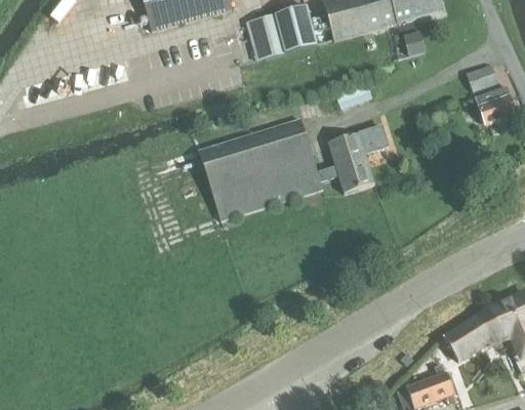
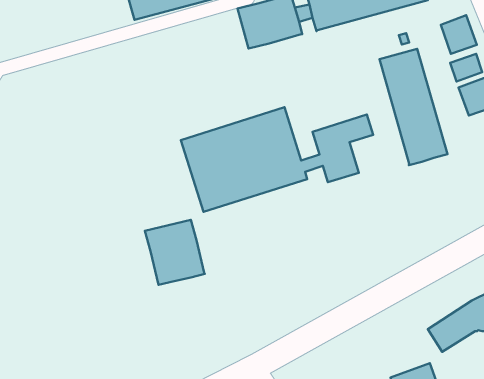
building: none -> [441,15,477,54]
building: none -> [380,49,447,165]
building: none -> [145,220,205,285]

